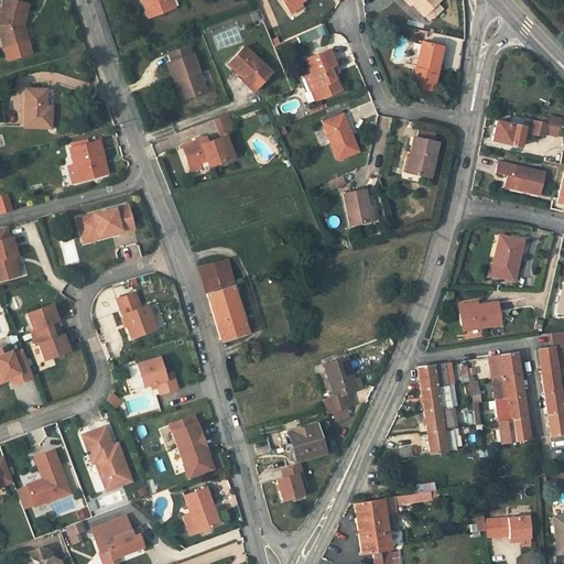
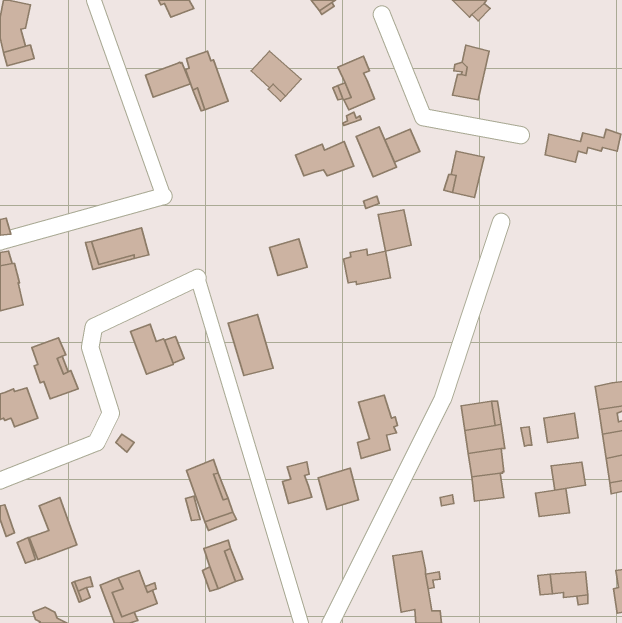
building: none -> [146,62,190,97]
building: [25,89,53,128] -> none
building: none -> [385,129,420,162]
building: [182,134,235,165] -> [295,142,354,176]
building: [70,141,108,183] -> none
building: [496,161,544,194] -> none
building: none -> [343,249,390,285]
building: [492,237,523,281] -> none
building: [199,259,234,292] -> [269,239,307,276]
building: [458,302,501,330] -> none
building: [489,352,520,378] -> none
building: [138,357,180,394] -> none
building: [496,395,527,421] -> [535,488,570,516]
building: [84,426,132,490] -> none
building: [278,462,304,499] -> [282,462,312,503]
building: [382,491,433,514] -> none

